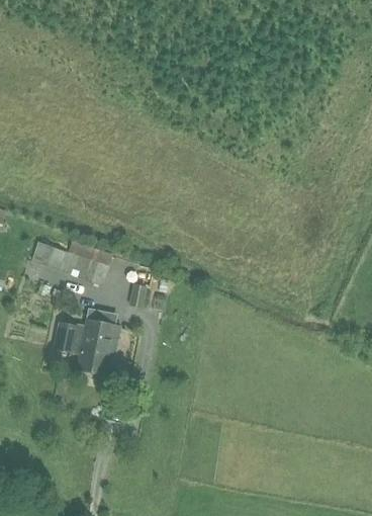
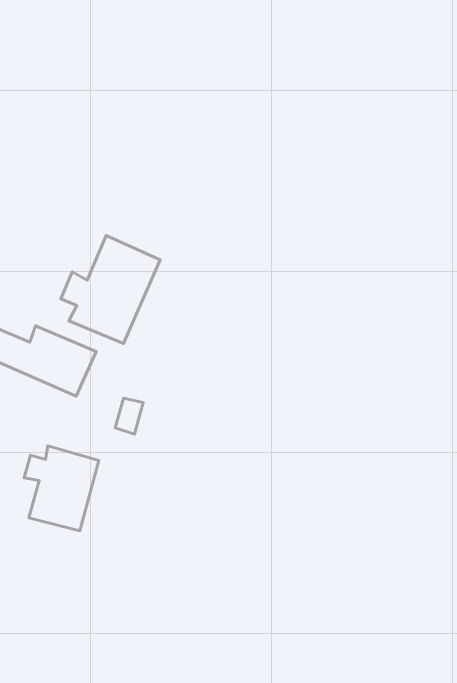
building: none -> [61,235,160,344]

